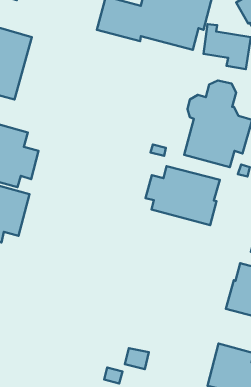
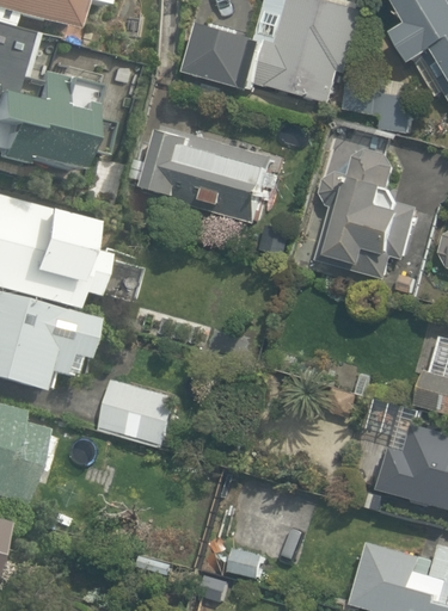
building: none -> [145,126,275,224]
building: [145,166,220,225] -> none
building: none -> [99,378,177,445]

